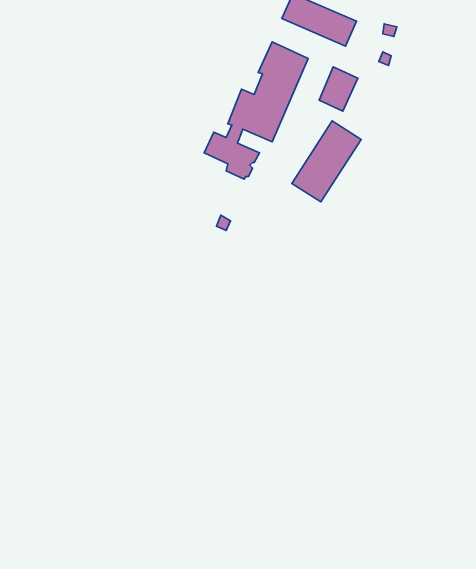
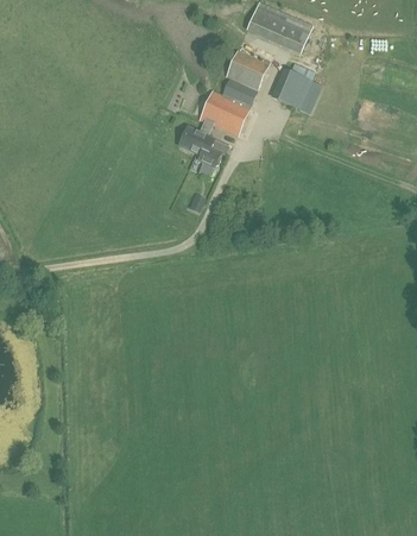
building: [292,121,361,202] -> none

